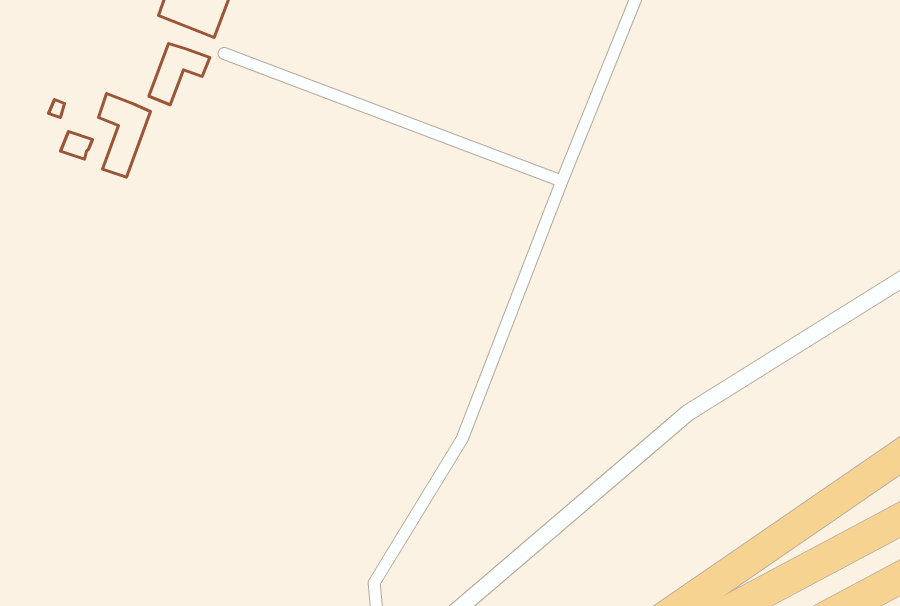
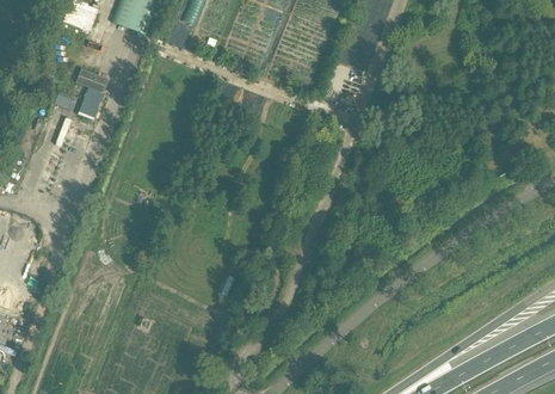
building: [149,44,210,105] -> none

